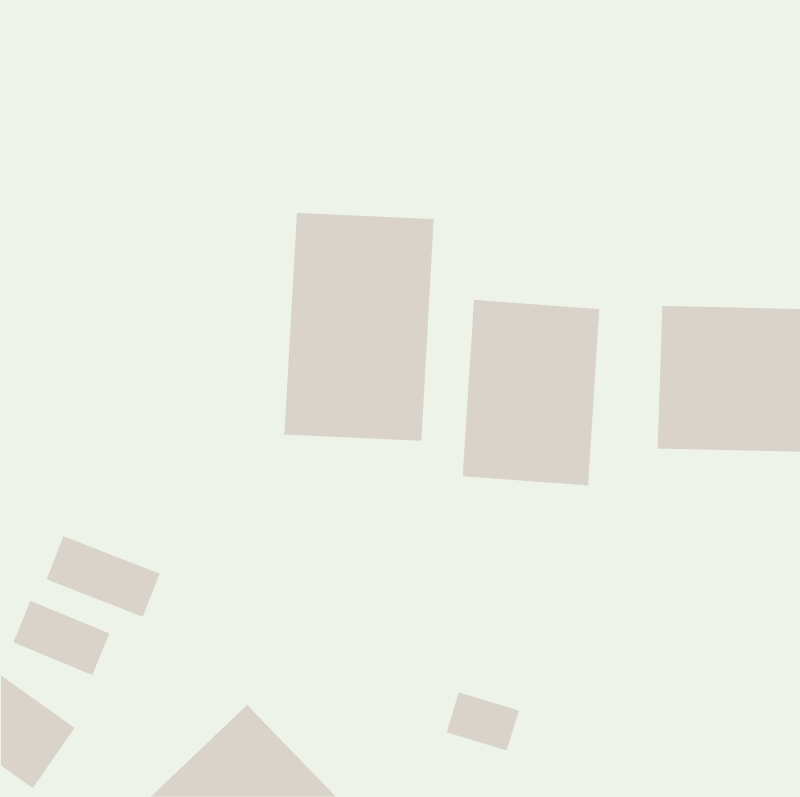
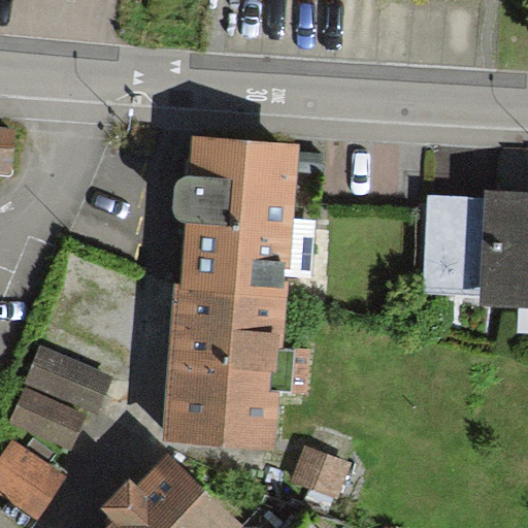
building: [462,299,600,486] -> none
building: none -> [166,285,272,437]

